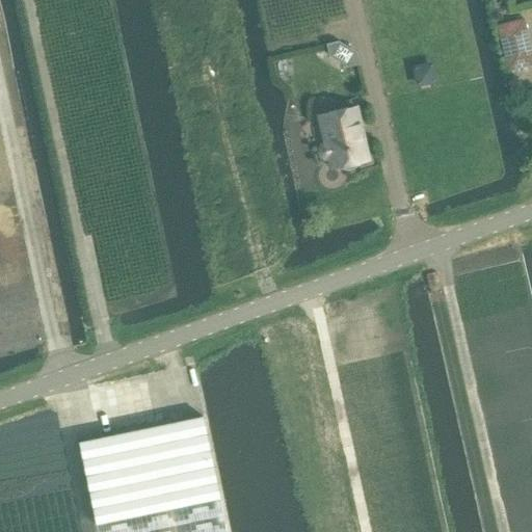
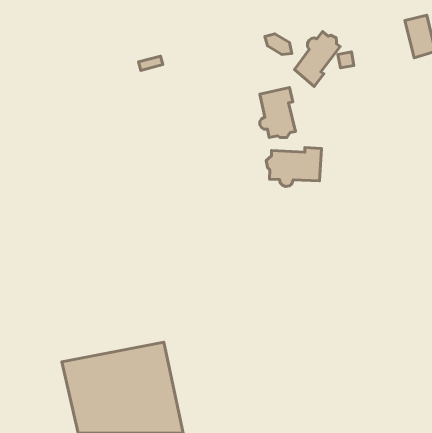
building: none -> [294,31,340,87]
building: none -> [266,147,322,187]

